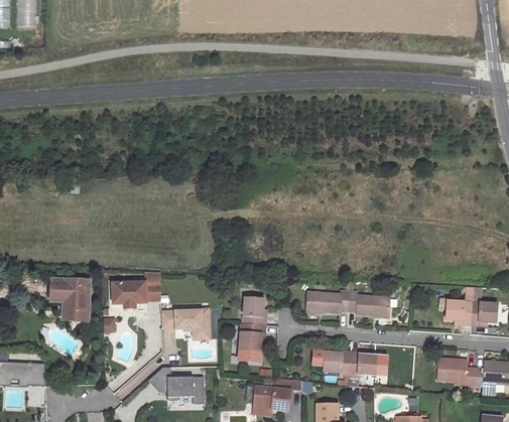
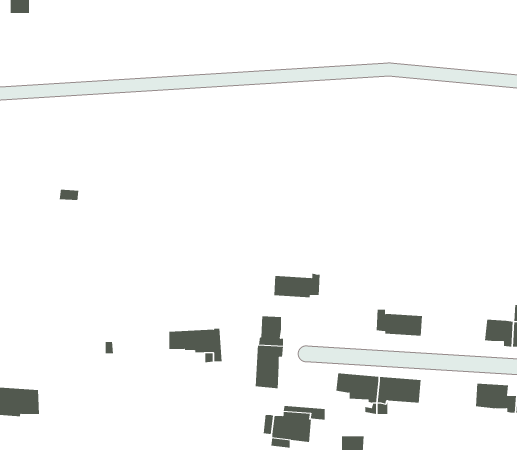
building: [113,272,160,303] -> none
building: [53,279,90,320] -> none
building: [306,290,349,312] -> [273,273,320,298]
building: [148,367,205,404] -> none

